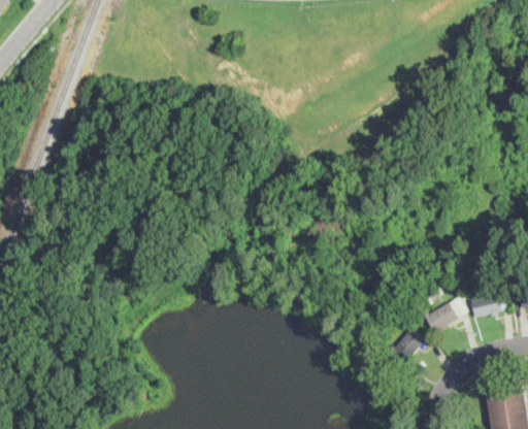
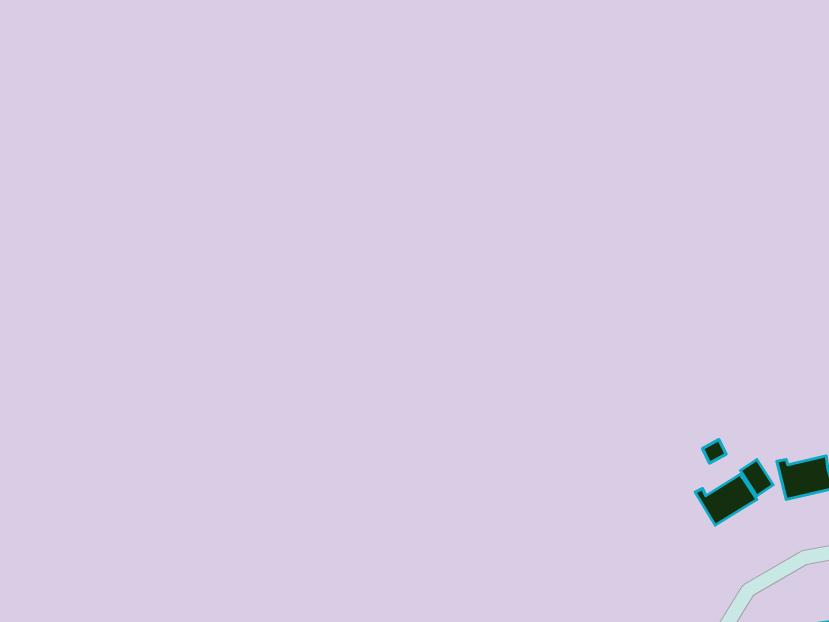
building: [390,330,424,362] -> none

